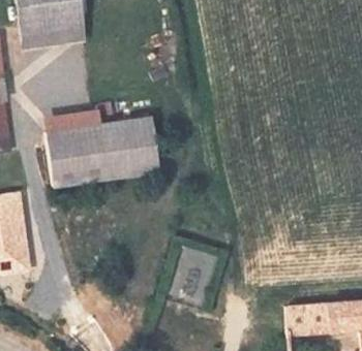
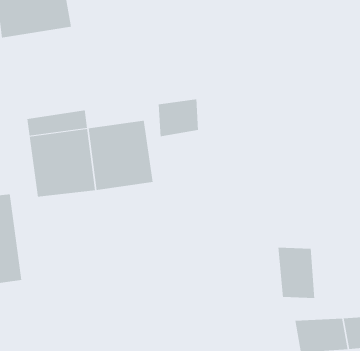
building: none -> [158,98,199,137]
building: none -> [278,247,315,299]

